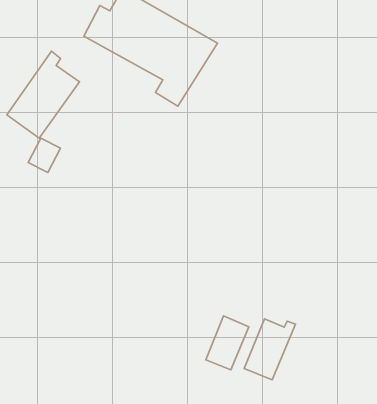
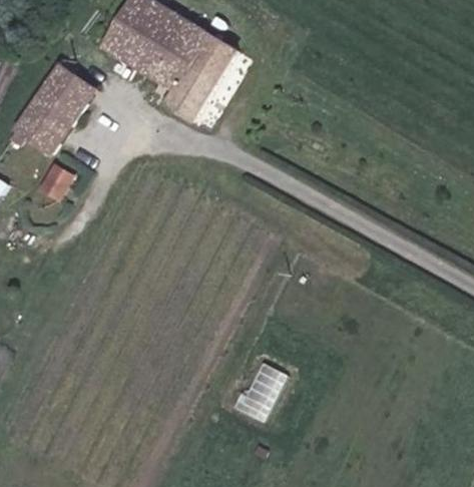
building: [244,319,295,380] -> none

